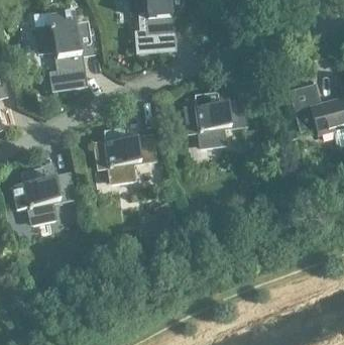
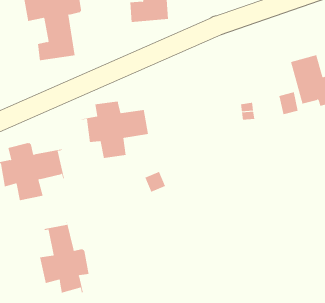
building: [182,93,245,148] -> none
building: none -> [40,219,89,293]

